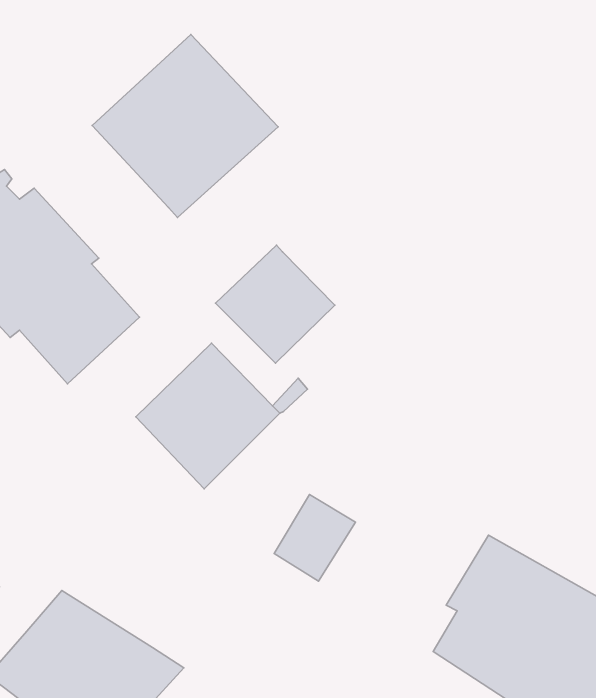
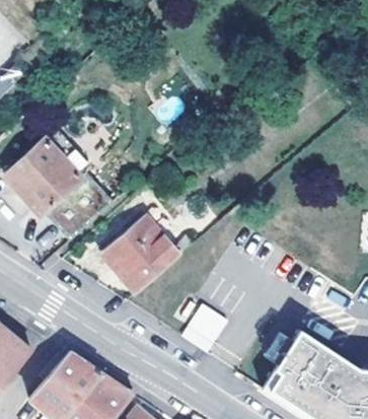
building: [92,35,278,217] -> none
building: [215,245,335,363] -> none

